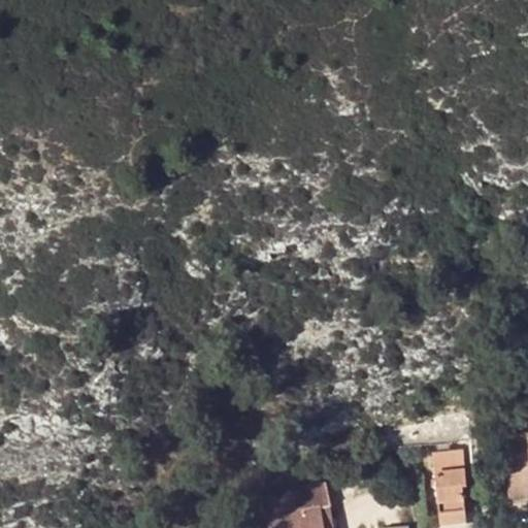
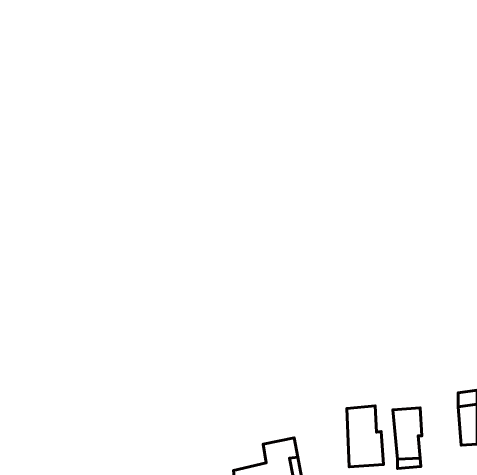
building: none -> [347,406,384,467]

